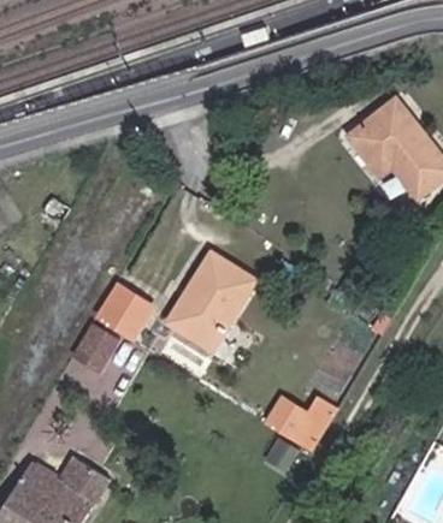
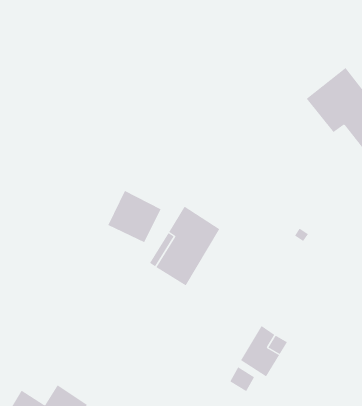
building: [90,280,152,340] -> [108,190,162,243]
building: [75,327,122,375] -> none

